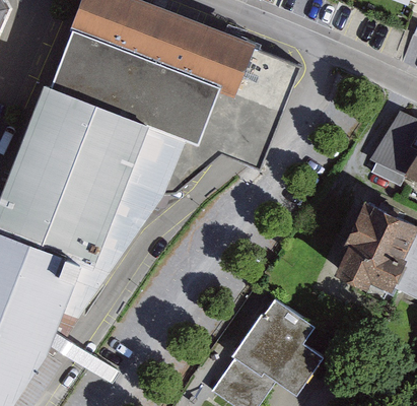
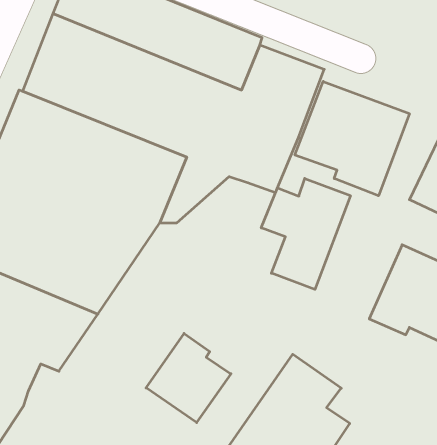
building: none -> [295,81,409,196]
building: none -> [261,178,350,289]
building: none -> [146,333,231,423]

